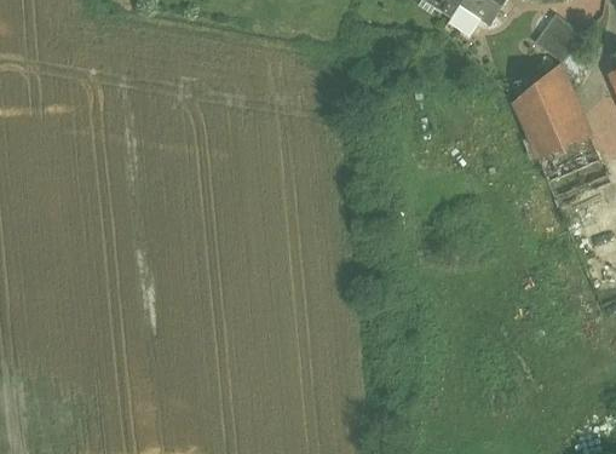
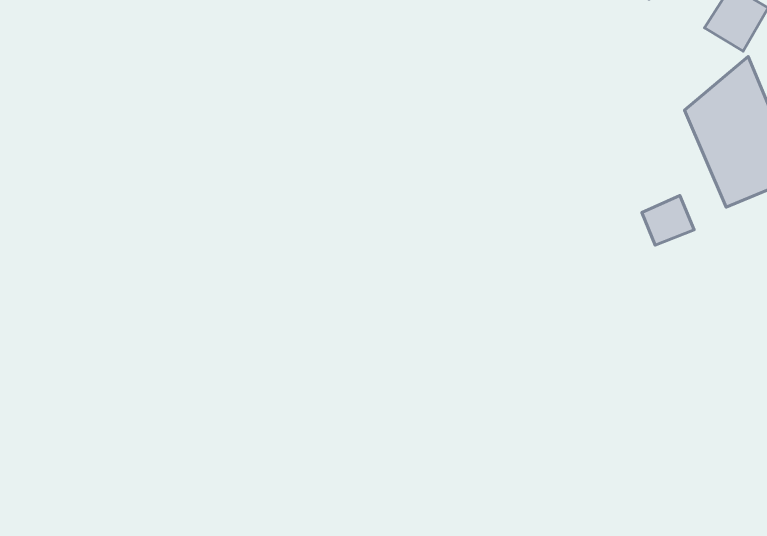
building: none -> [642,195,694,245]

